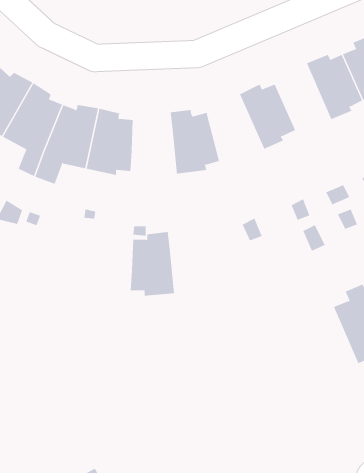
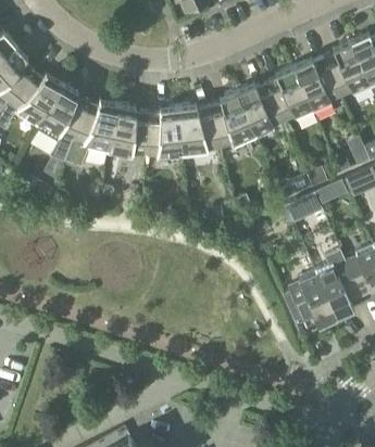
building: none -> [266,64,313,120]
building: none -> [209,90,257,148]
building: [130,232,175,296] -> [145,105,183,159]
building: none -> [284,269,336,325]

